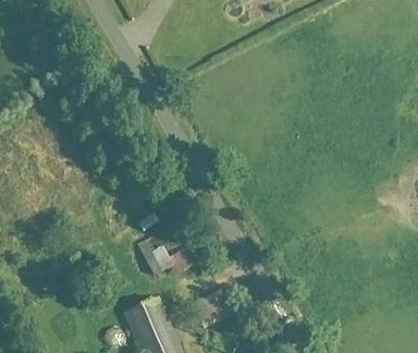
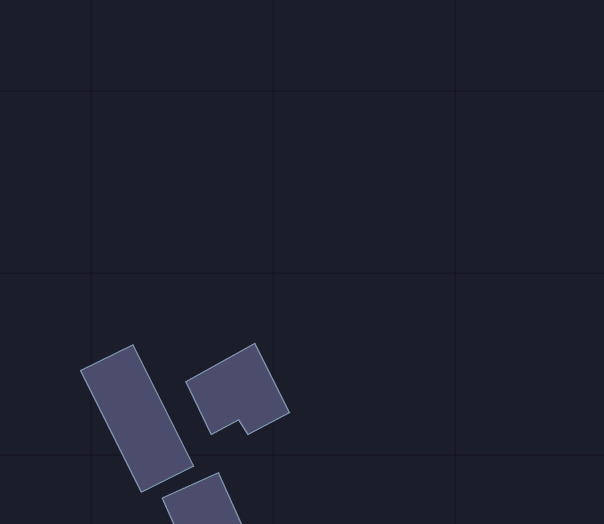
building: none -> [81,345,194,492]

